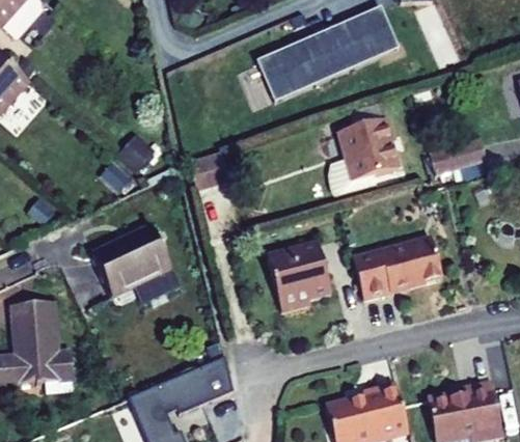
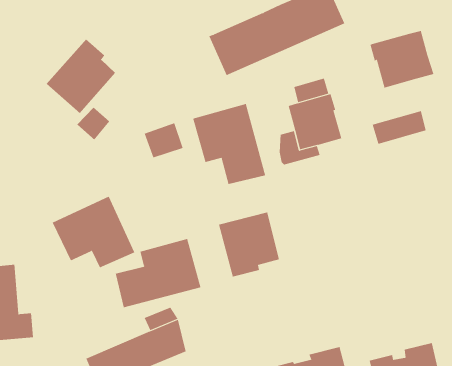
building: none -> [370,30,434,88]
building: none -> [46,39,116,114]
building: none -> [192,103,266,185]
building: [353,238,442,299] -> none
building: none -> [115,238,201,308]

